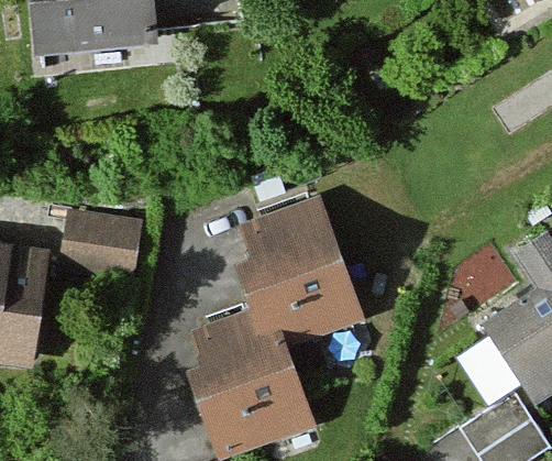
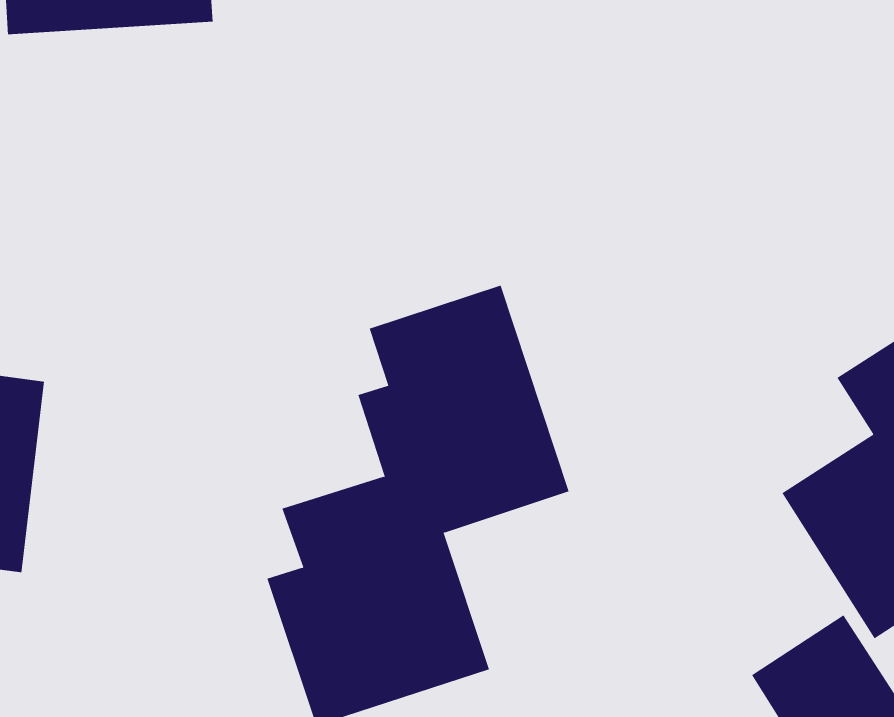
building: [58,212,139,276] -> none

